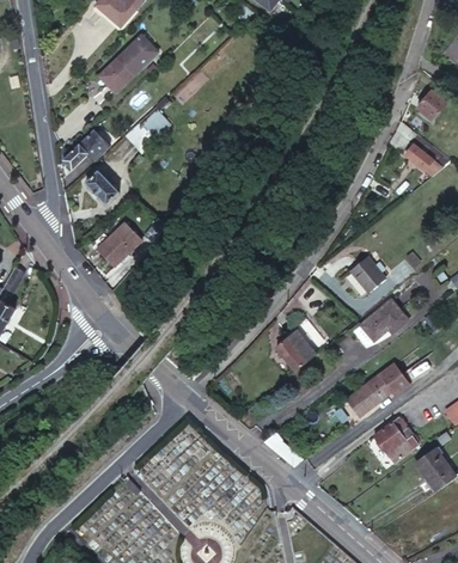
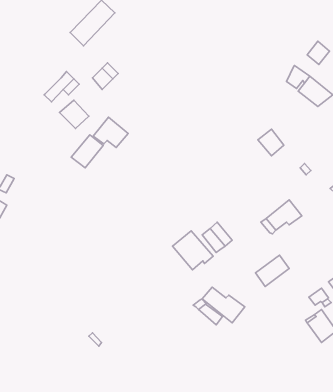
building: none -> [93,117,128,148]
building: [352,256,386,292] -> [258,129,284,156]
building: none -> [172,231,213,270]
building: [379,363,411,396] -> none
building: [373,416,419,463] -> none
building: none -> [202,287,245,323]

